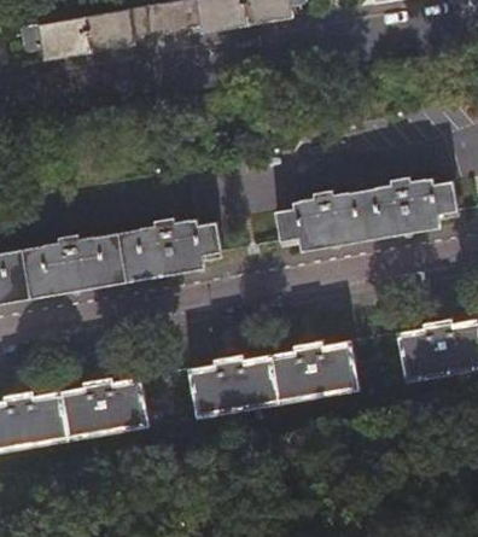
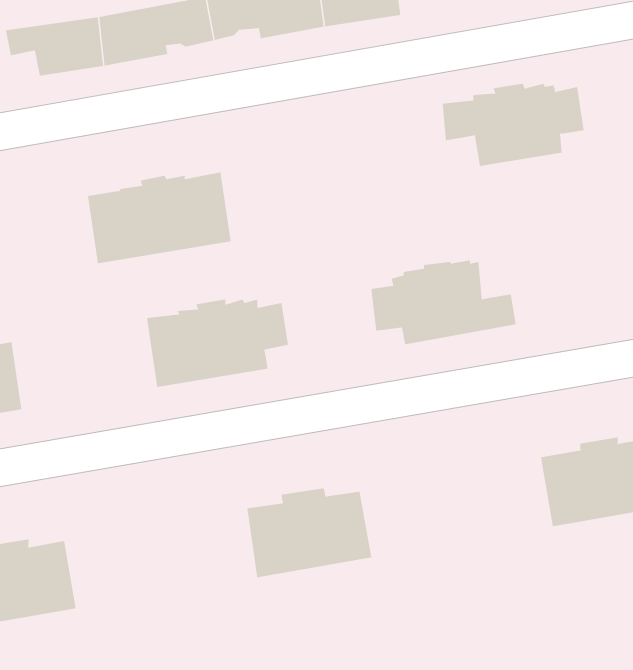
building: [355,179,456,238] -> [442,83,585,166]
building: [23,233,126,298] -> [87,172,231,264]
building: [270,340,358,403] -> none
building: [60,375,148,439] -> none

